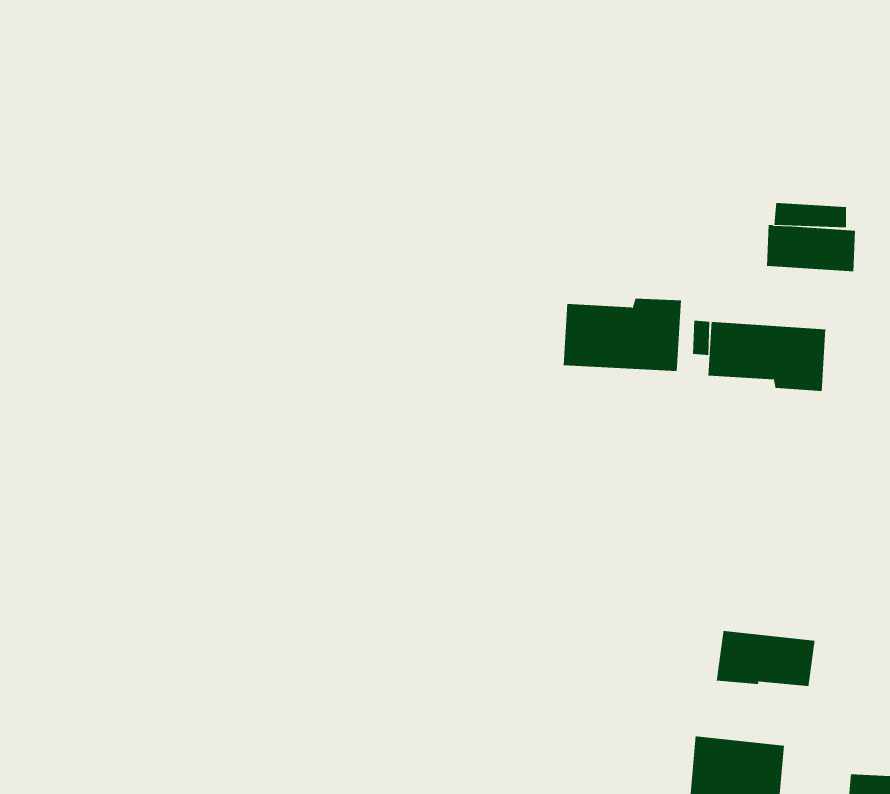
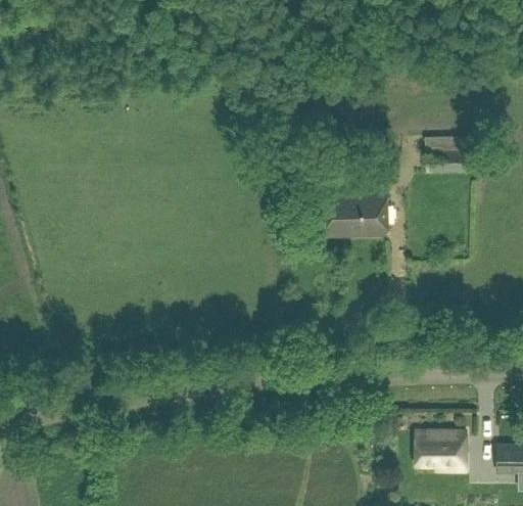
building: [708,321,826,392] -> none
building: [716,630,815,687] -> none

